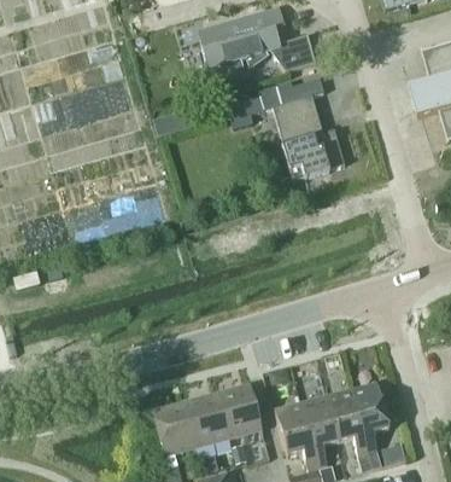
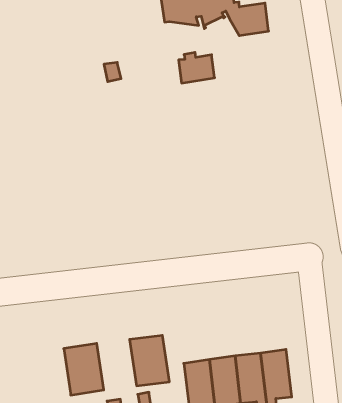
building: [274,77,346,179] -> none
building: [184,393,230,447] -> none

